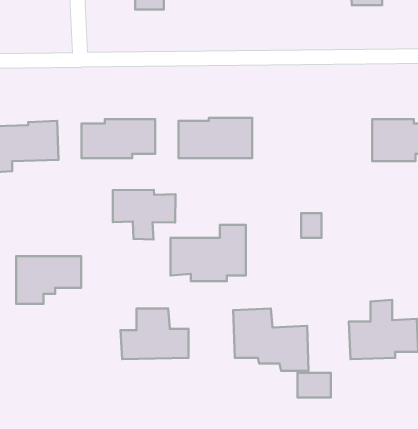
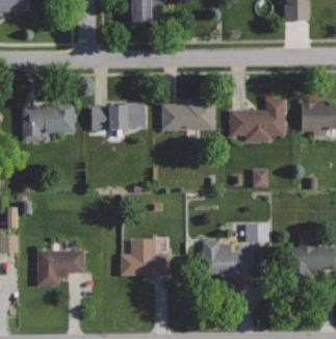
building: [113,190,175,239] -> none
building: [171,225,246,281] -> [230,100,284,140]
building: [16,256,81,304] -> [37,250,84,284]
building: [298,373,331,397] -> [242,224,266,241]

